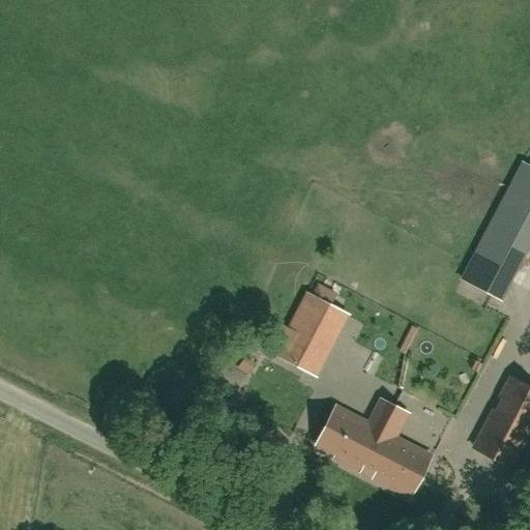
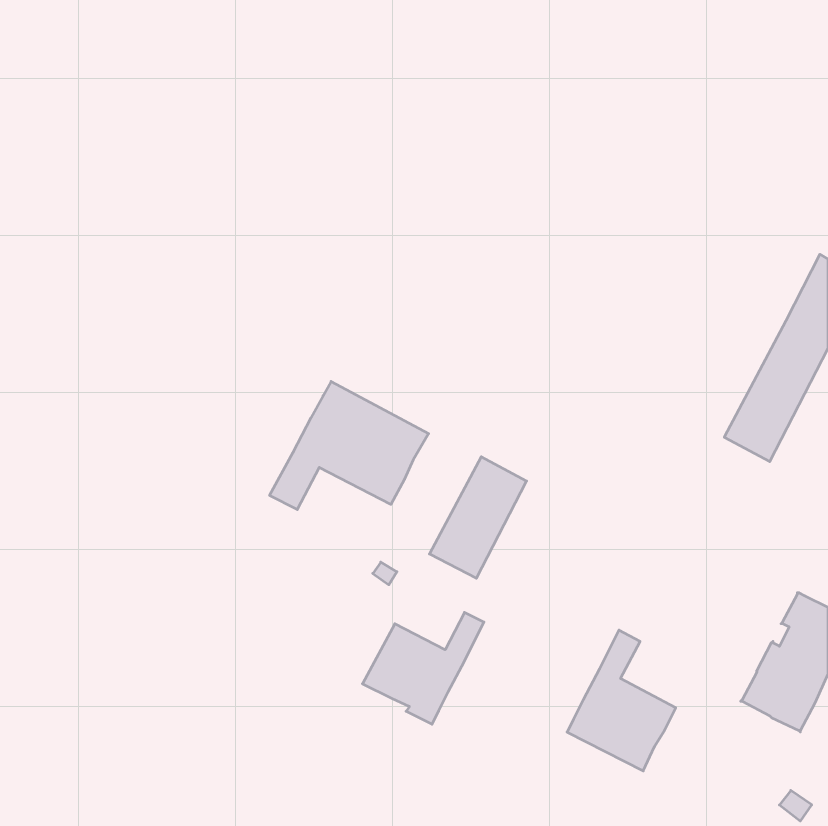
building: none -> [270,381,429,510]
building: [318,398,395,469] -> [362,612,484,724]

